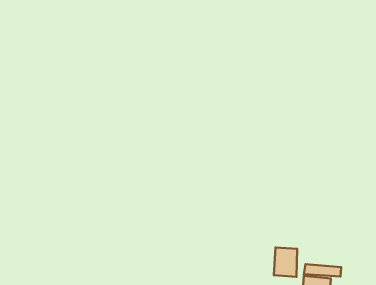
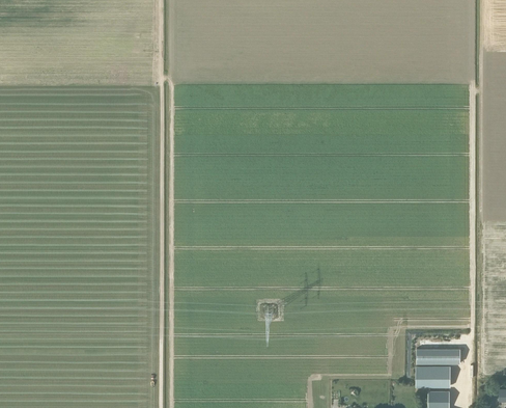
building: [274,247,297,277] -> none

